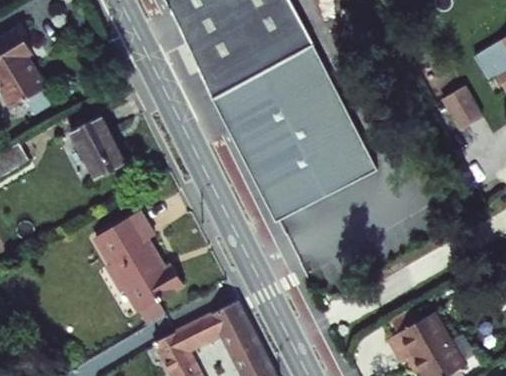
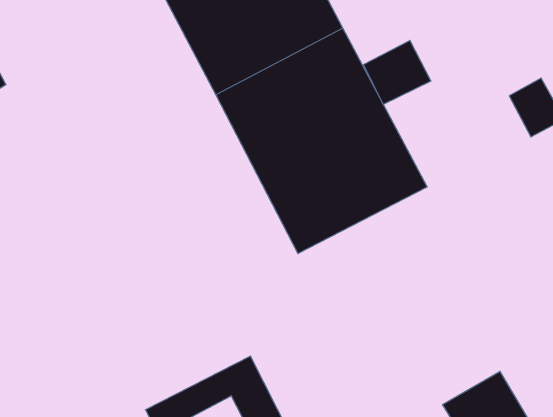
building: none -> [364,40,431,104]
building: [70,116,129,182] -> none
building: [96,211,187,314] -> none

